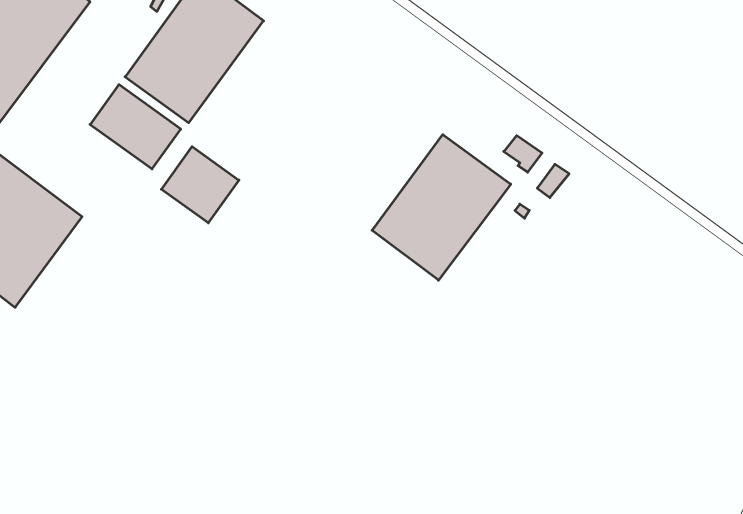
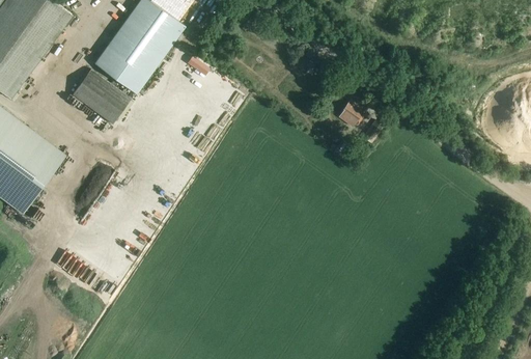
building: [372,135,511,280] -> none
building: [161,147,239,223] -> none

